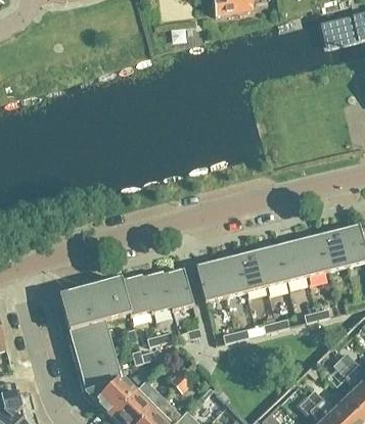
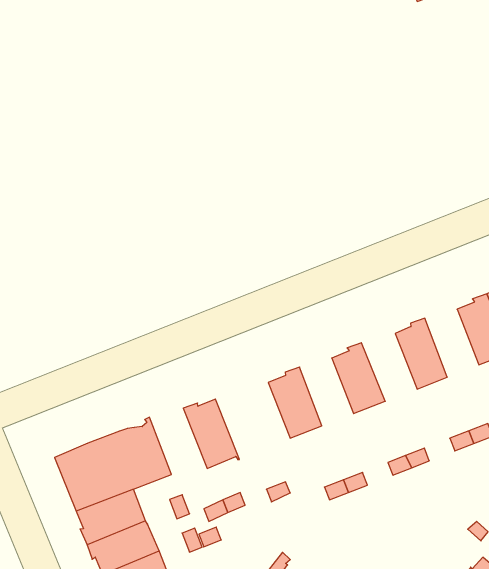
building: [296,234,326,275] -> none
building: [256,244,286,285] -> none
building: [216,254,245,295] -> none
building: [162,268,192,310] -> none
building: [120,274,151,316] -> none

